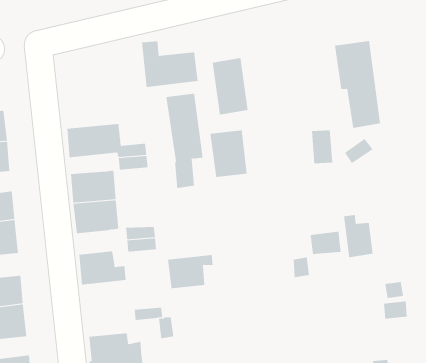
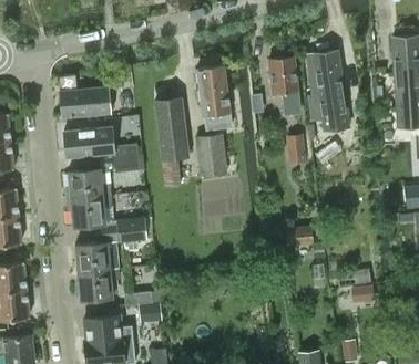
building: [141,41,199,87] -> [59,77,111,119]
building: none -> [268,59,299,116]
building: [343,214,373,258] -> none
building: [167,254,214,289] -> [78,269,120,300]

